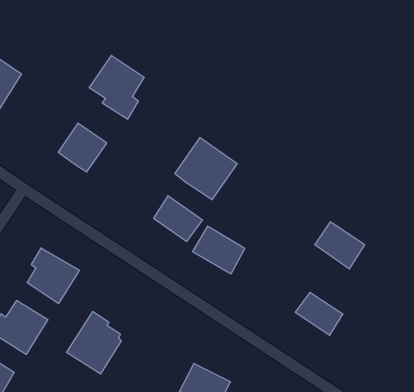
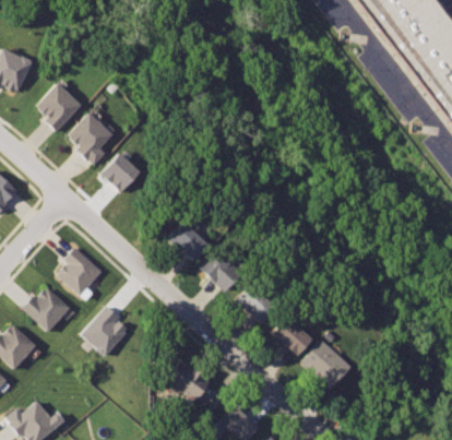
building: [89,56,144,119] -> [68,112,114,166]
building: [175,138,237,200] -> none
building: [315,222,365,269] -> [236,284,276,324]
building: none -> [302,340,352,389]

